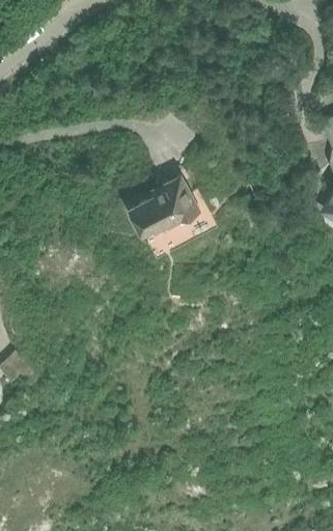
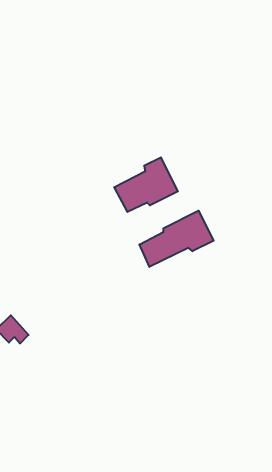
building: none -> [139,211,214,267]

